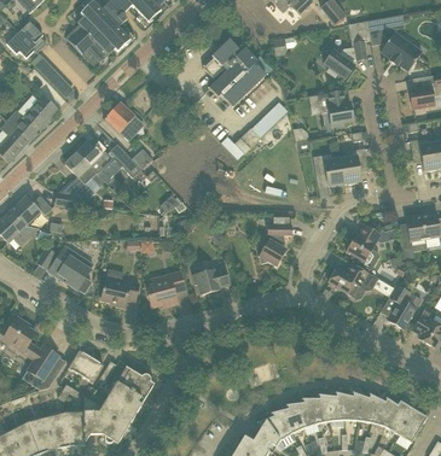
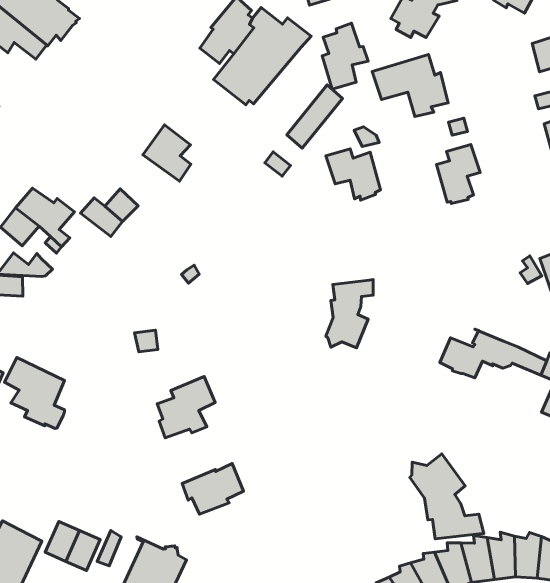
building: none -> [322,23,368,89]
building: [104,101,134,138] -> [143,125,191,181]
building: [313,154,344,187] -> [326,149,381,200]
building: [346,223,381,269] -> none
building: [192,265,230,294] -> [182,463,243,514]
building: [101,276,139,306] -> none
building: none -> [410,454,484,539]

